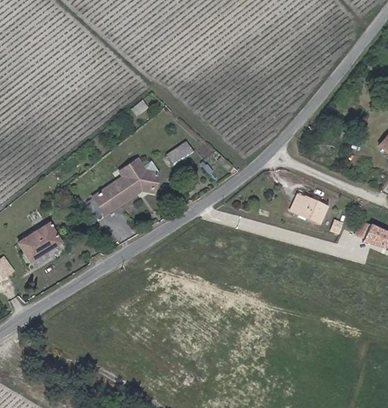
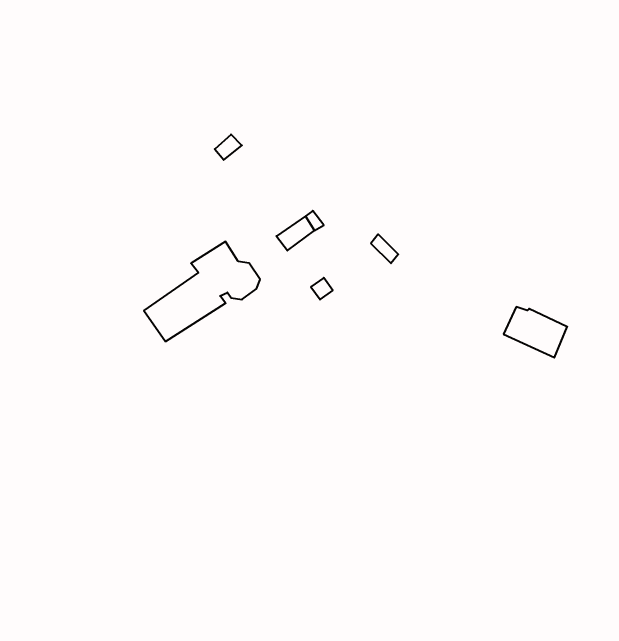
building: [18,223,61,261] -> none

